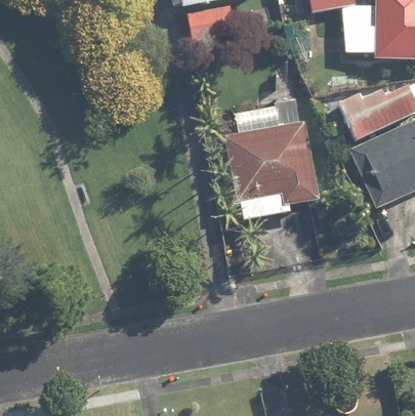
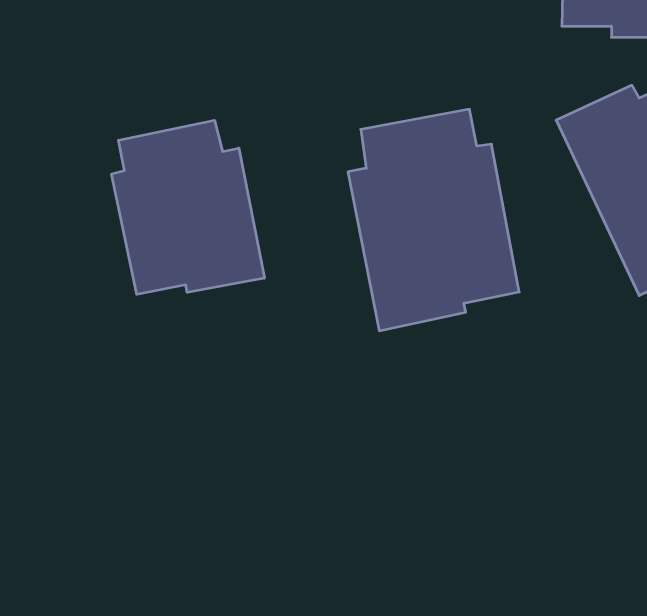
building: none -> [112,120,264,294]

